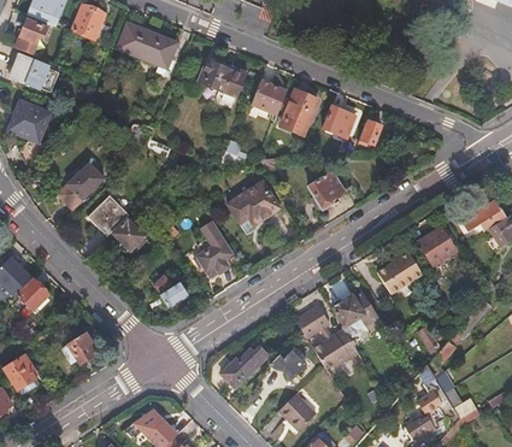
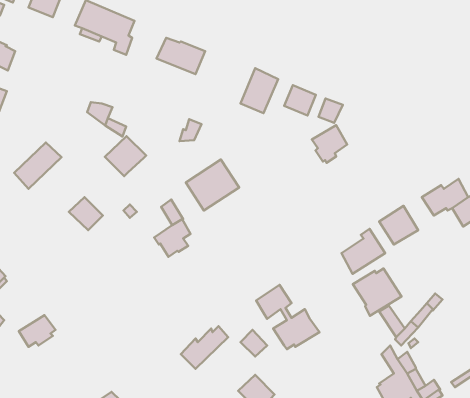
building: [252,80,281,111] -> none
building: [308,171,343,208] -> [312,125,347,163]
building: [88,195,129,235] -> [105,136,146,176]
building: [154,275,189,307] -> none
building: [332,290,381,337] -> [353,268,402,316]

